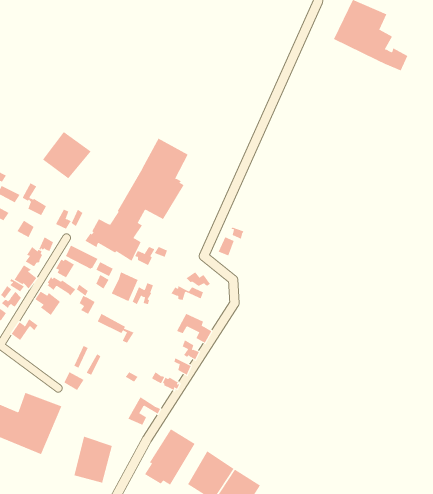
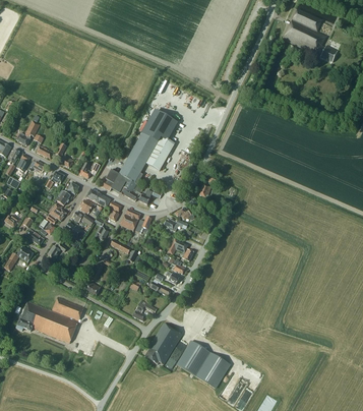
building: [42,131,91,179] -> none
building: [74,436,112,484] -> none

